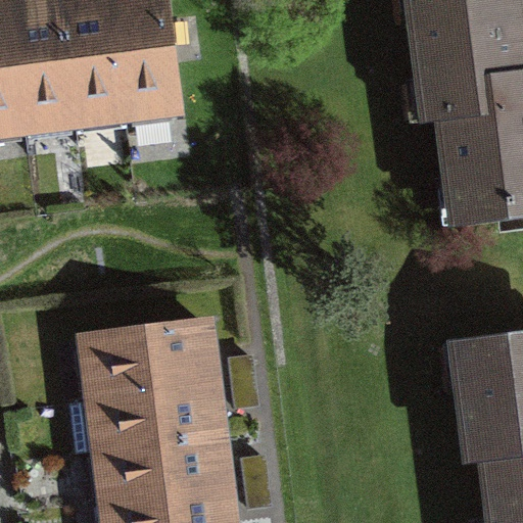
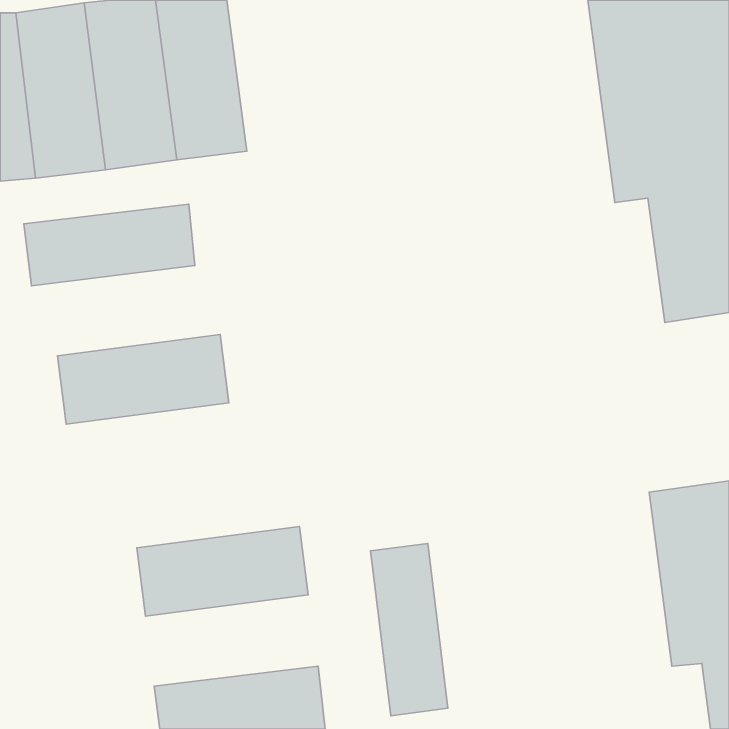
building: none -> [24,204,195,286]
building: [92,328,215,392] -> [58,334,229,424]
building: none -> [371,543,448,716]
building: [104,426,228,491] -> none

